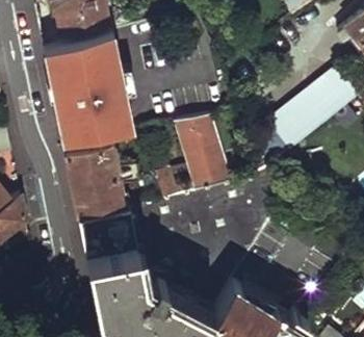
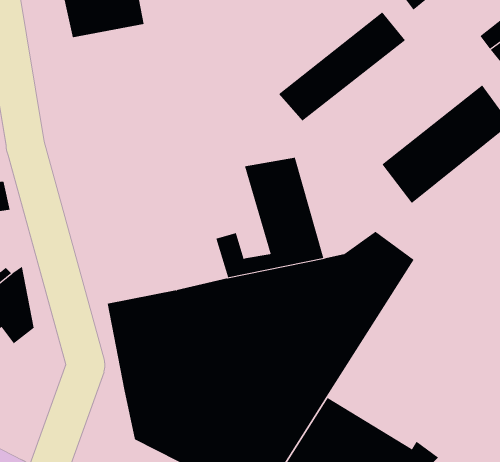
building: none -> [278,12,406,122]
building: [45,31,134,140] -> none
building: [67,146,135,216] -> none

